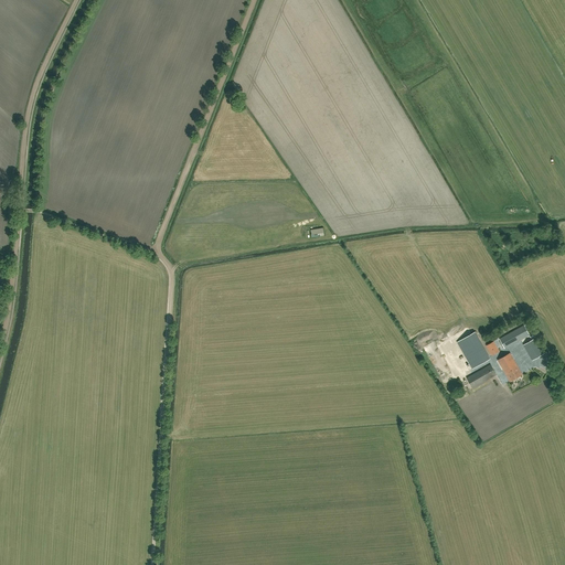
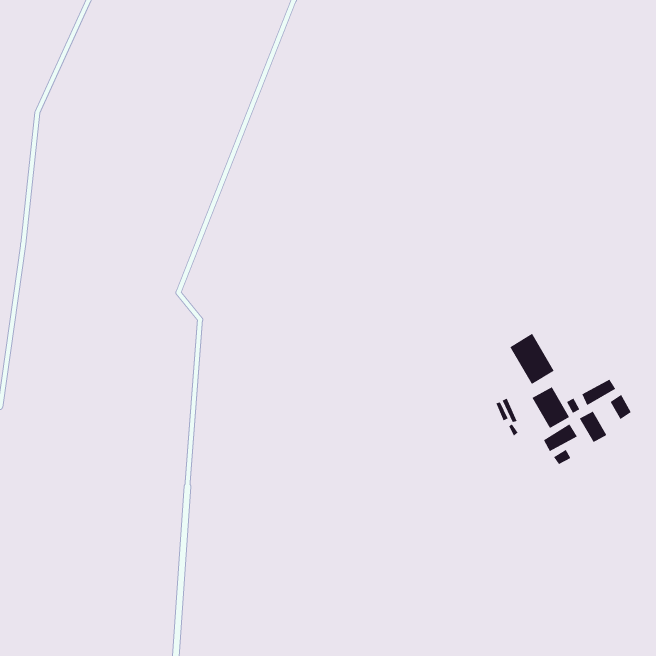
building: none -> [509,333,555,385]

